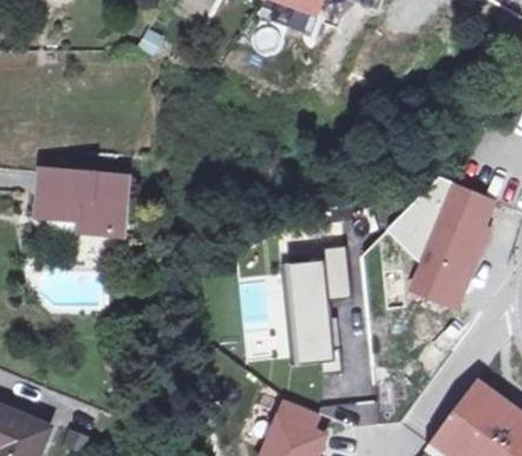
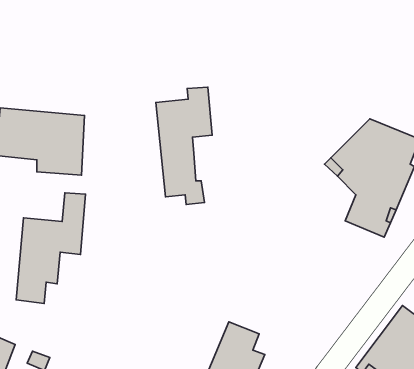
building: [289,245,351,373] -> [156,87,212,205]
building: none -> [16,193,86,303]

